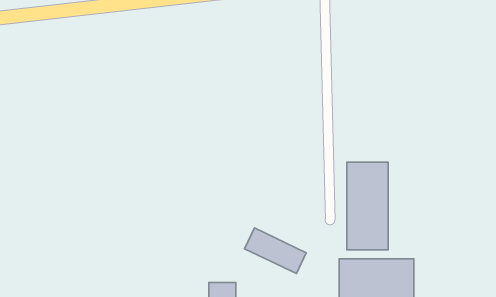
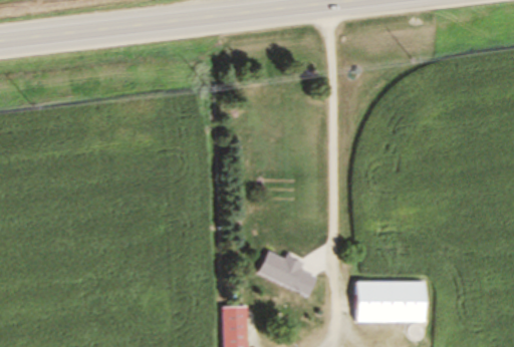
building: [347,162,388,250] -> none

